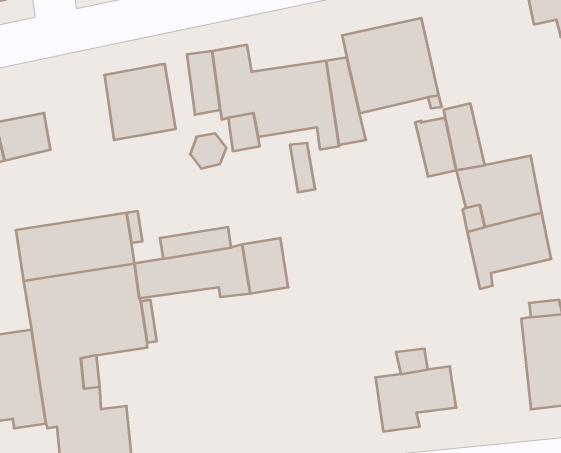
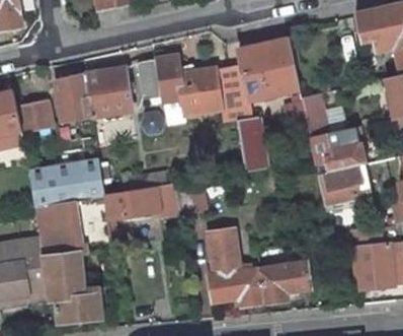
building: none -> [54,75,92,122]
building: none -> [236,117,267,173]
building: none -> [208,228,264,307]

